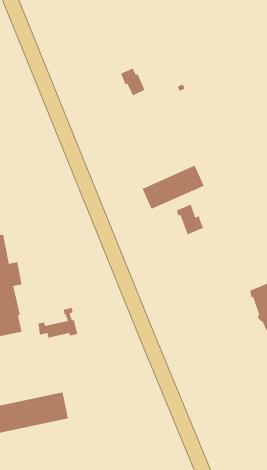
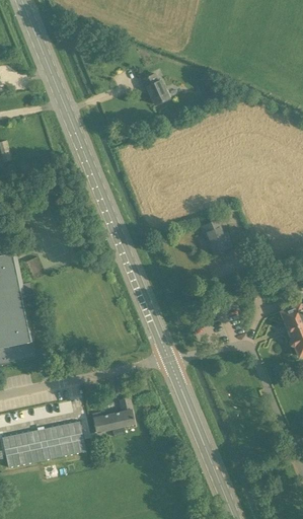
building: [141,165,205,210] -> none
building: [37,307,78,338] -> [91,396,135,430]

